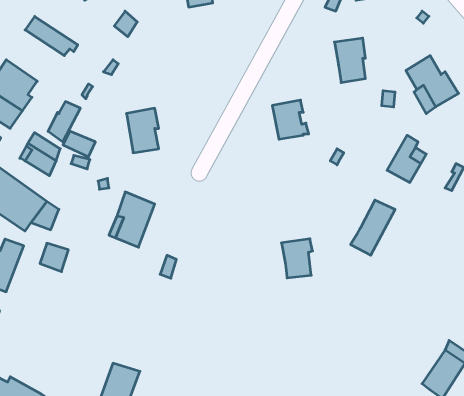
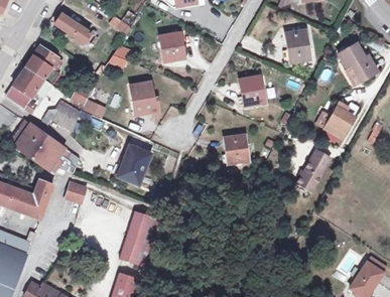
building: none -> [159,32,183,61]
building: [281,239,313,278] -> [224,134,247,163]
building: none -> [120,210,159,266]

